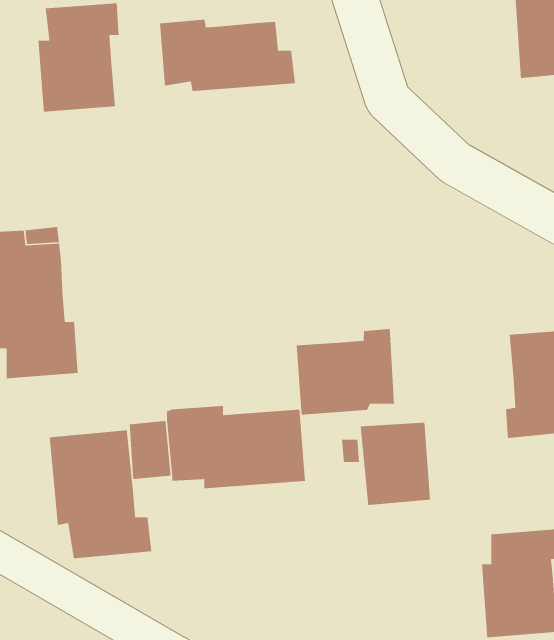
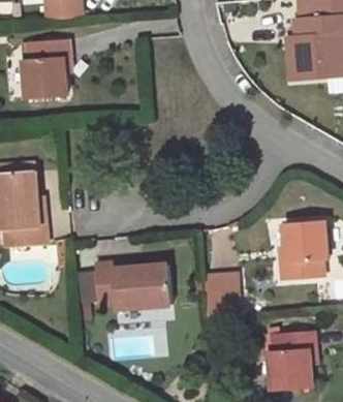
building: [159,19,296,92] -> none
building: [296,328,395,415] -> none
building: [49,430,152,559] -> none

